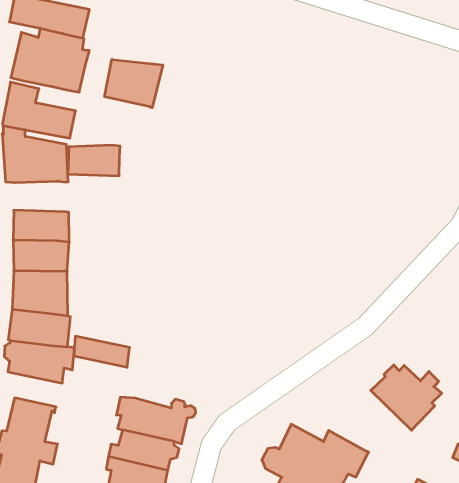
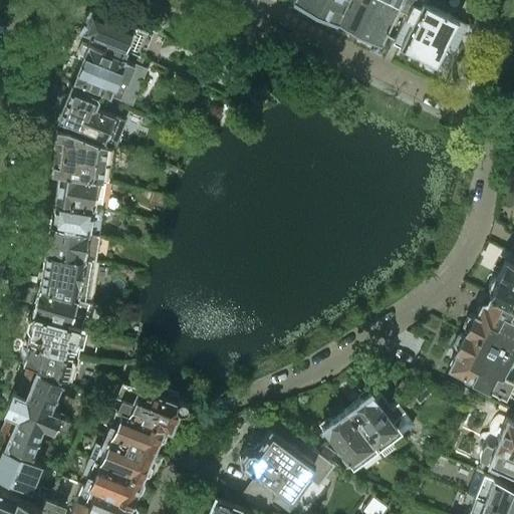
building: [105,59,163,108] -> none
building: [68,145,120,176] -> [56,180,106,213]
building: [74,336,130,367] -> [23,345,73,380]
building: none -> [319,413,374,475]

